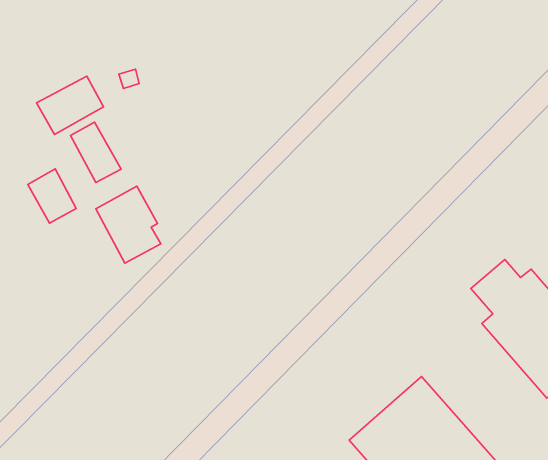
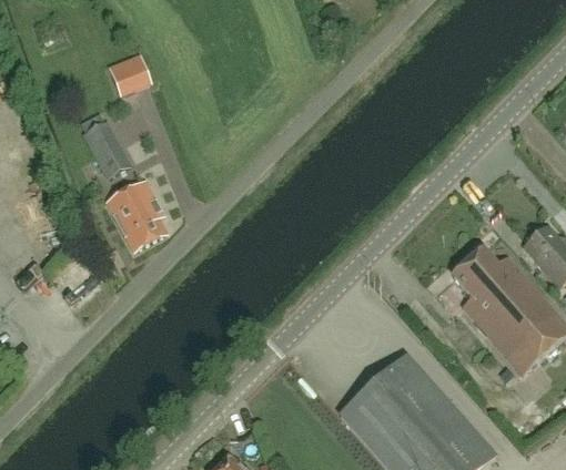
building: [36,76,104,134] -> none
building: [28,169,76,223] -> none

